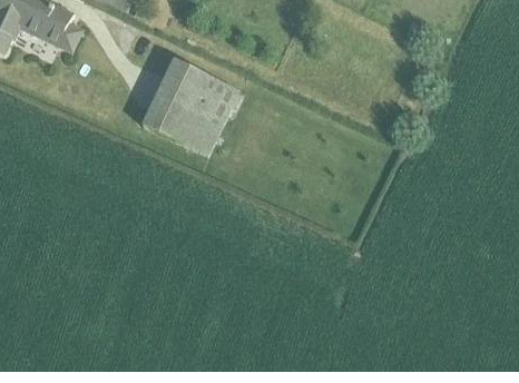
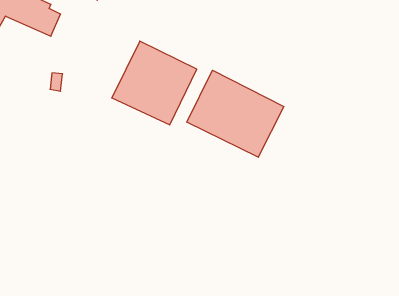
building: none -> [187,70,284,157]

